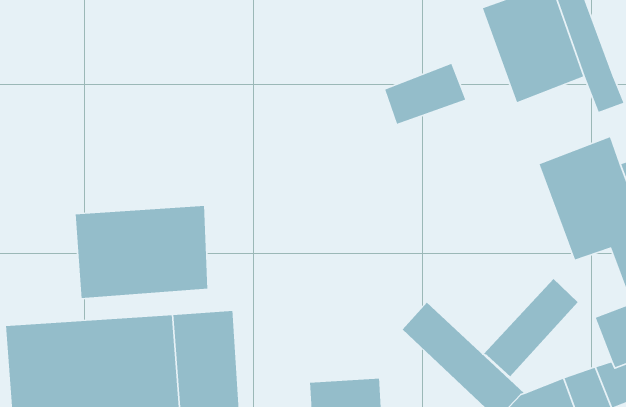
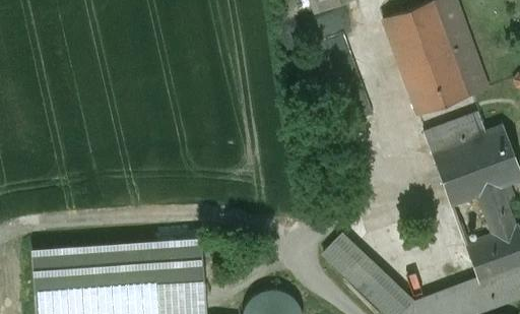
building: [384,63,466,125] -> [408,69,468,115]
building: [75,205,208,299] -> none
building: [483,278,579,377] -> none

